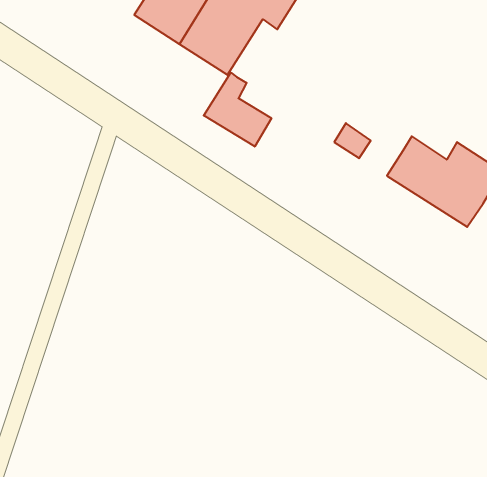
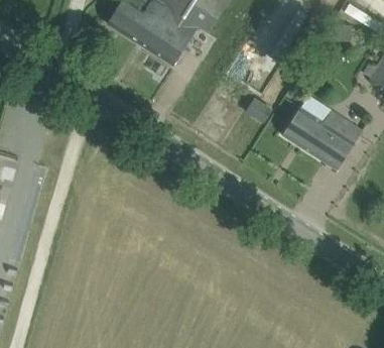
building: [204,73,271,147] -> none

